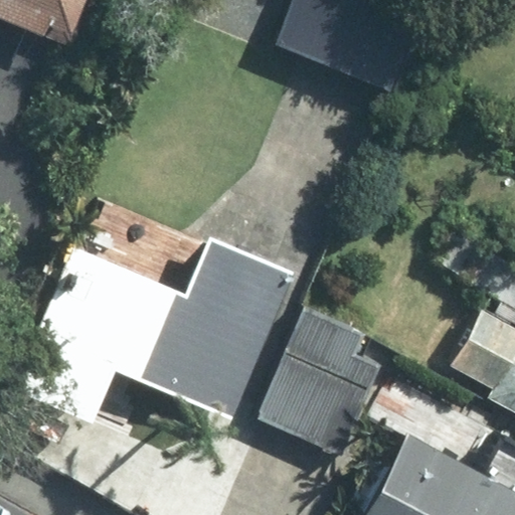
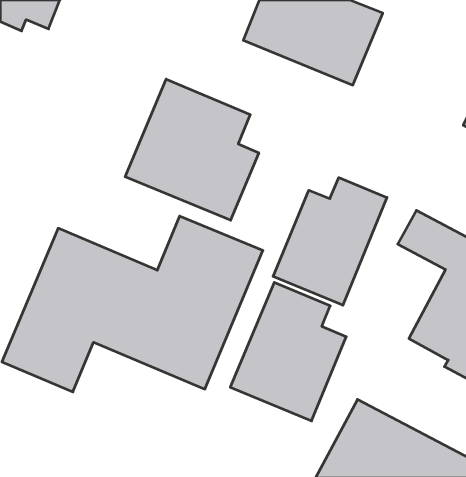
building: none -> [125,79,259,220]
building: none -> [273,178,387,305]

